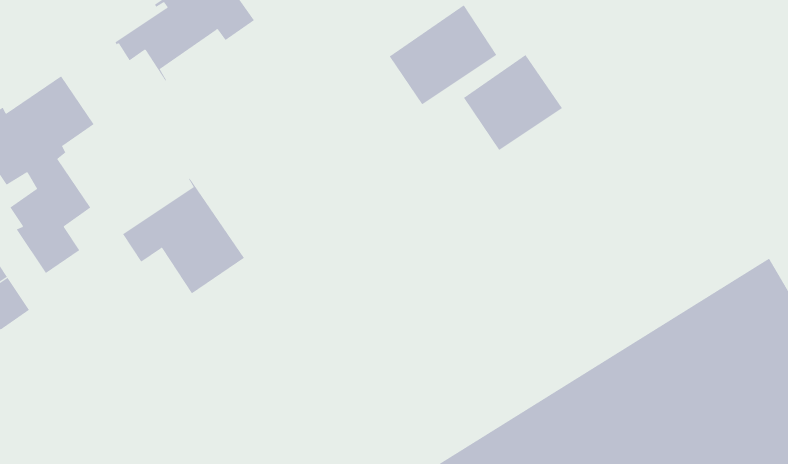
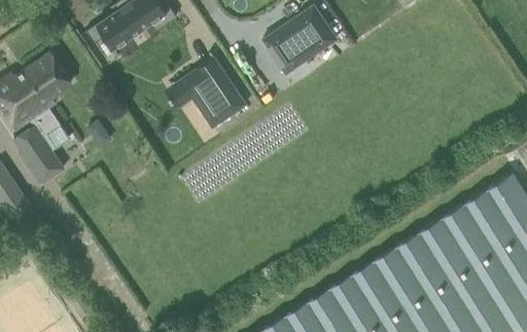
building: [463,54,563,151] -> none
building: [122,178,245,294] -> [167,53,247,130]

